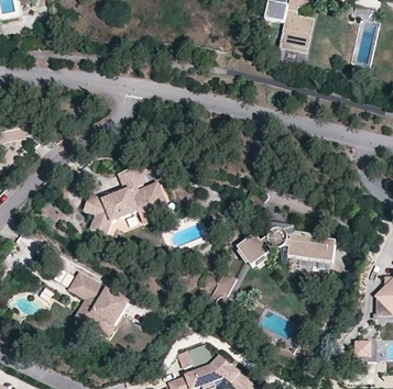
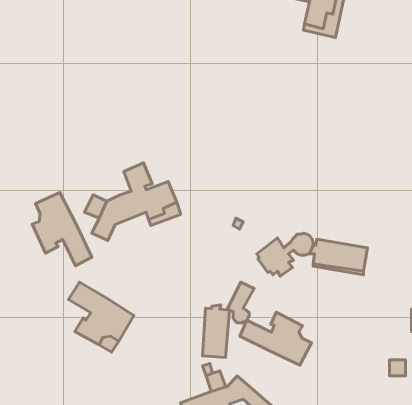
building: none -> [32,192,92,266]
building: none -> [203,305,229,357]
building: none -> [240,312,312,365]

